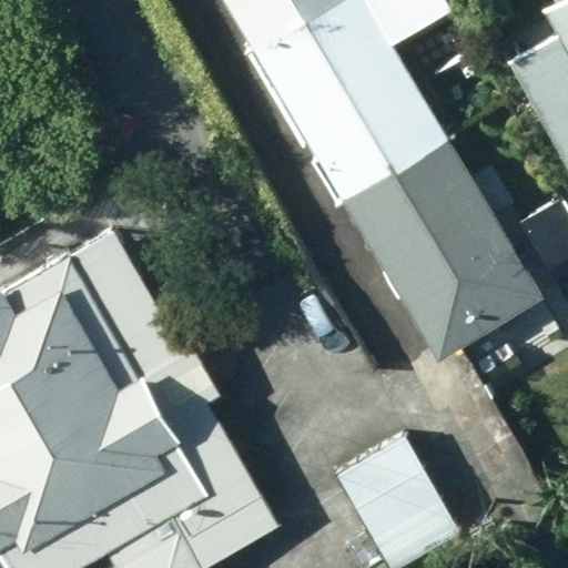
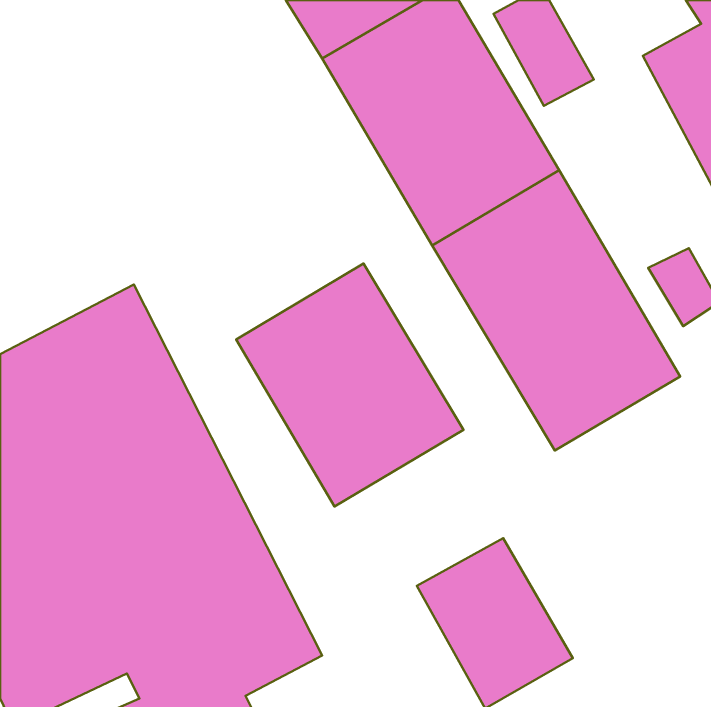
building: none -> [236,263,463,506]

